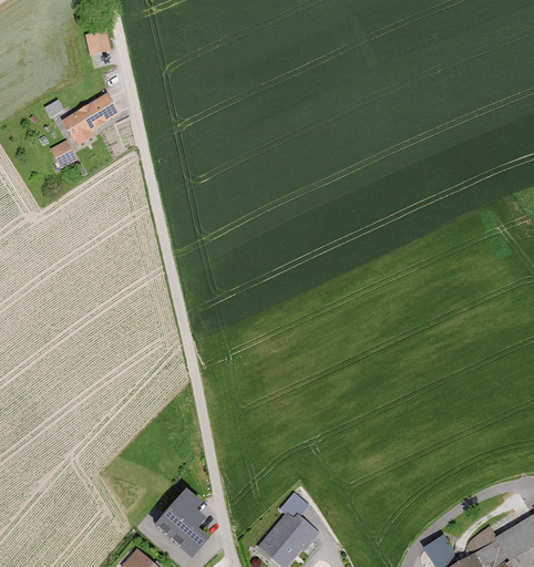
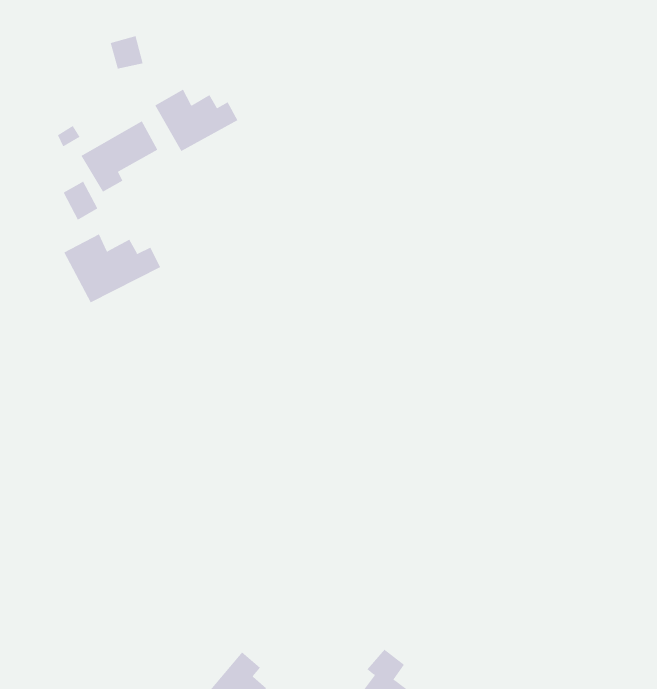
building: none -> [154,89,238,152]
building: none -> [64,233,161,303]

